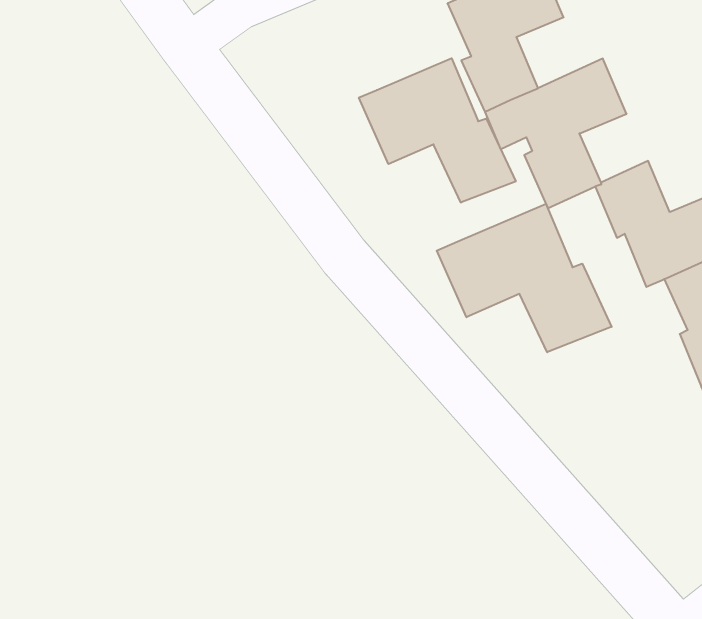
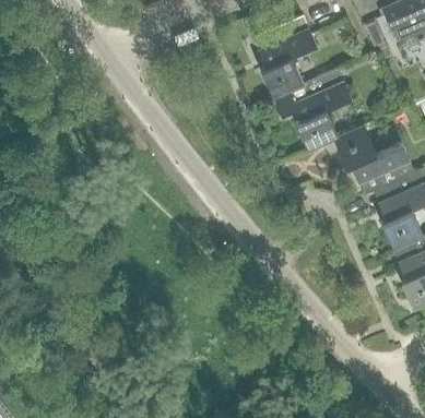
building: [359,58,516,203] -> none
building: [437,204,612,352] -> none

